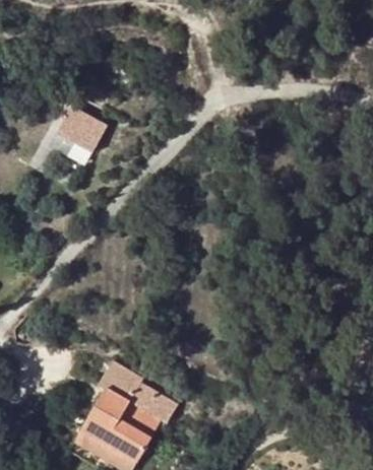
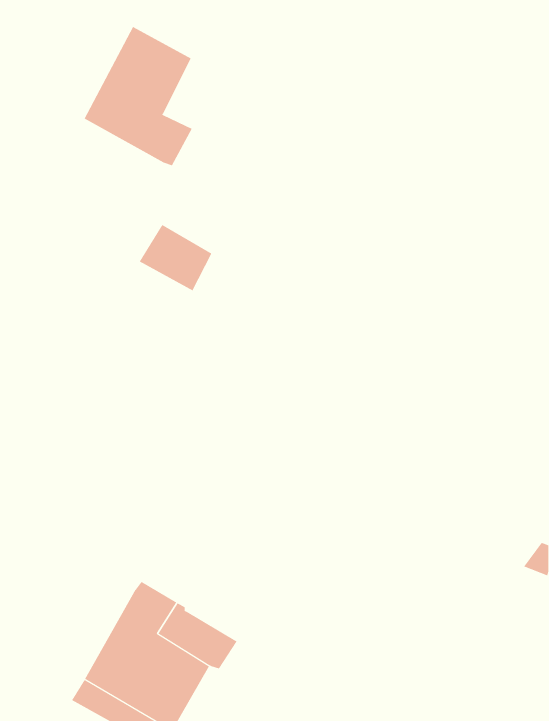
building: none -> [84,26,192,166]
building: [59,111,105,152] -> [139,224,212,291]

